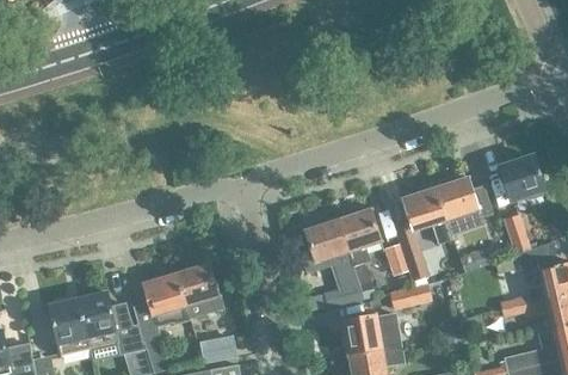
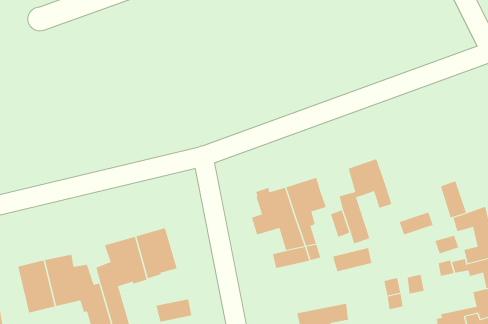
building: [501,156,545,202] -> none
building: [436,172,479,220] -> none
building: [344,314,403,355] -> none

